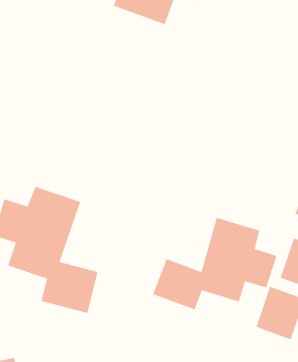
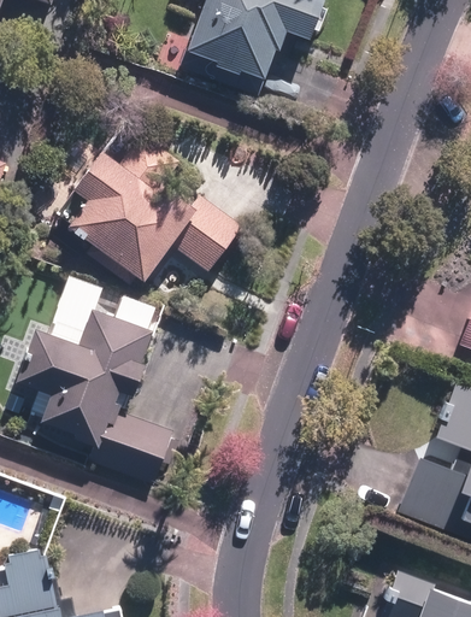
building: none -> [71,129,242,281]
building: [152,217,277,311] -> none

